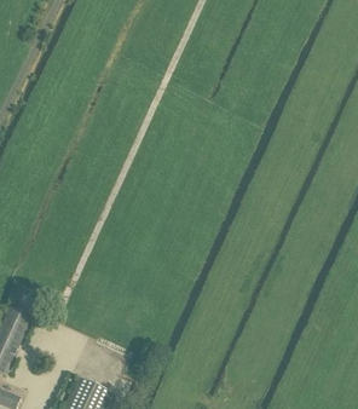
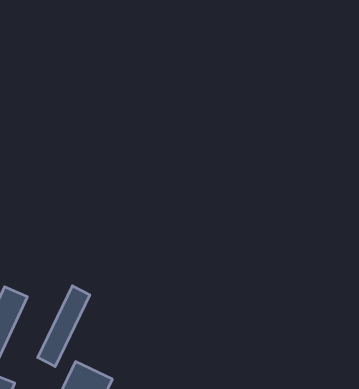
building: none -> [38,286,90,367]

